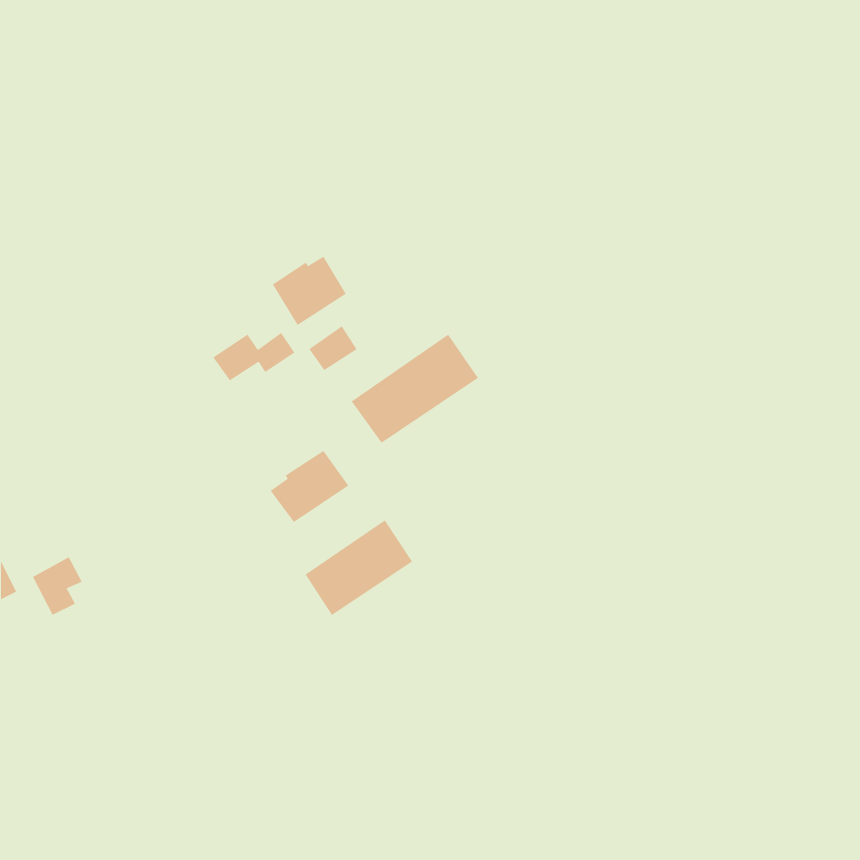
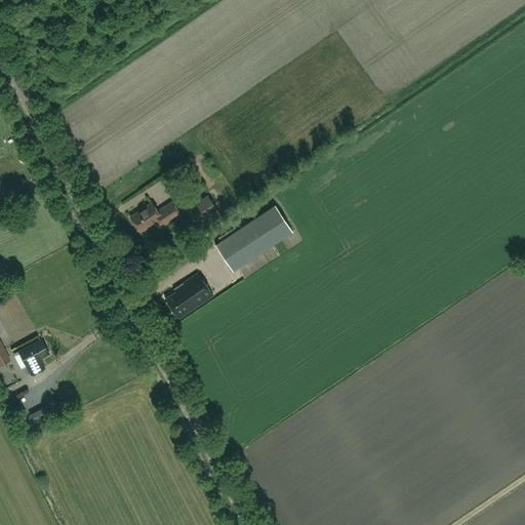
building: [272,256,346,326] -> none
building: [305,519,413,616] -> none

